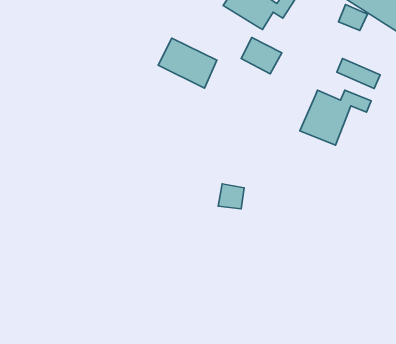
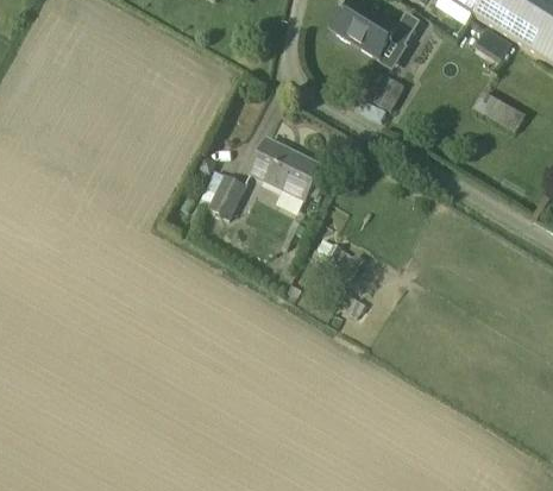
building: [158,38,217,88] -> [250,139,322,201]
building: [300,90,371,145] -> none
building: none -> [201,169,245,215]

